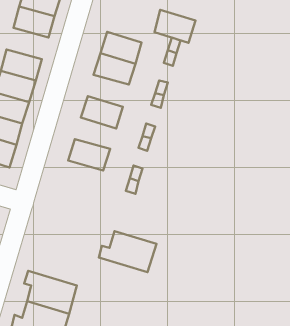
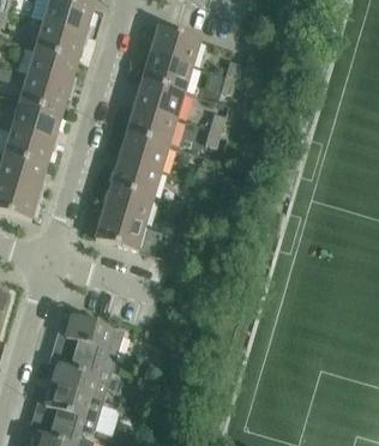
building: [154,10,195,43] -> [151,24,201,65]
building: none -> [28,47,79,85]
building: none -> [127,104,178,144]
building: none -> [112,157,162,195]
building: none -> [96,210,146,249]
building: [99,231,156,272] -> [54,313,125,363]

